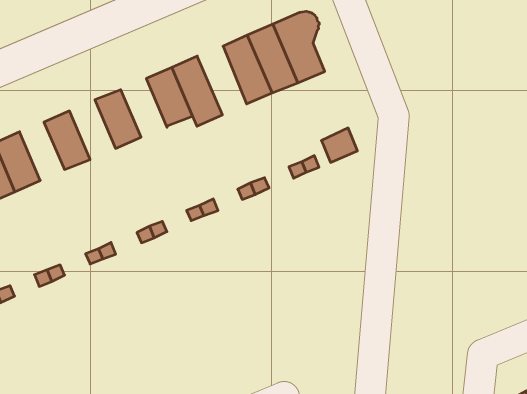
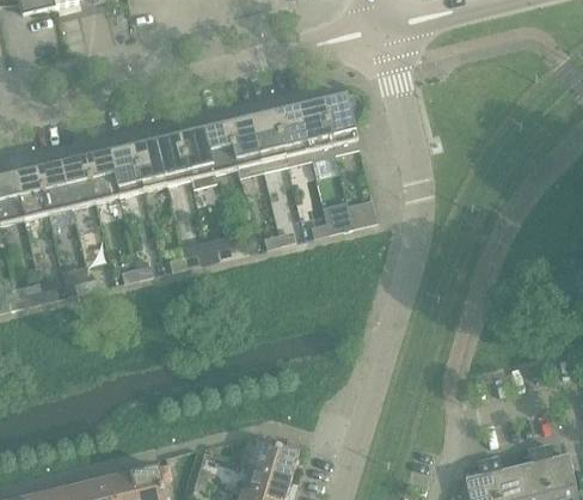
building: none -> [250,110,286,170]
building: none -> [178,127,216,187]
building: none -> [130,138,165,189]
building: none -> [84,150,117,200]

